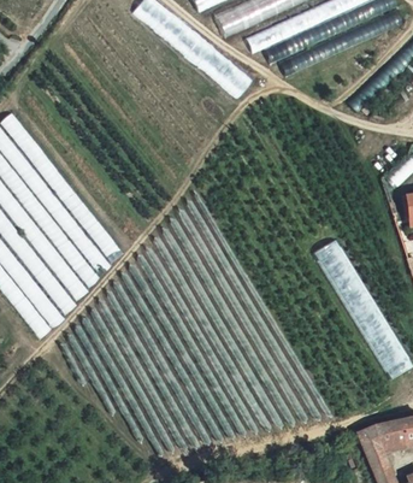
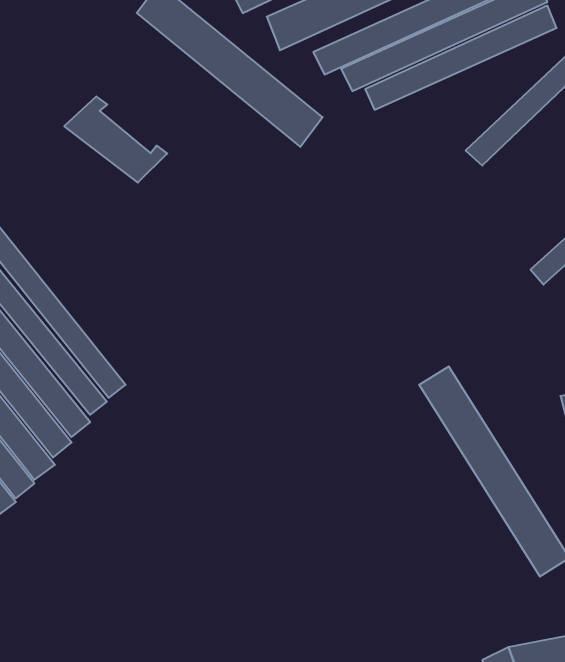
building: none -> [64,96,167,183]

